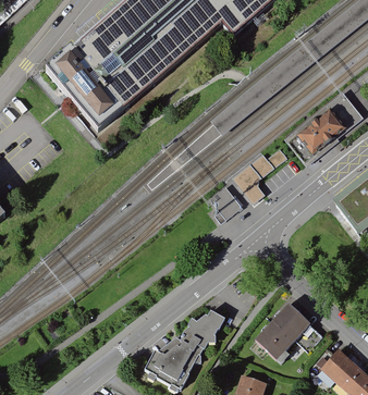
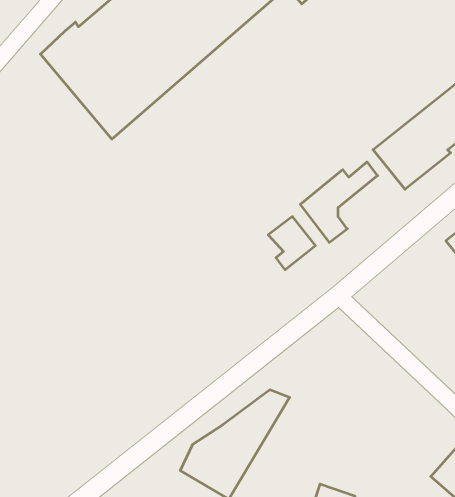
building: [259,306,326,361] -> none

